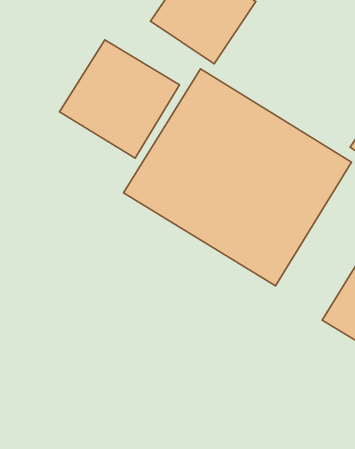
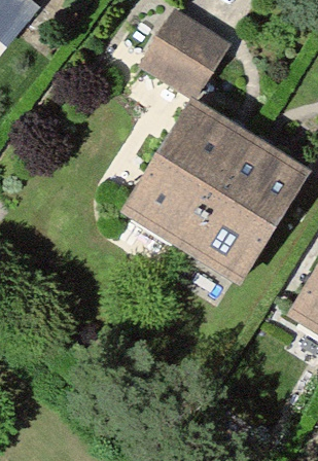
building: [60,40,180,158] -> none

